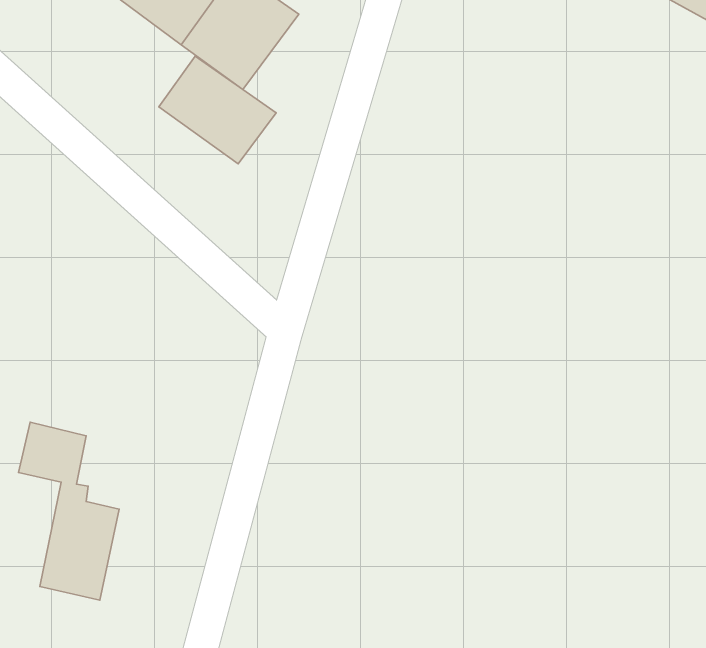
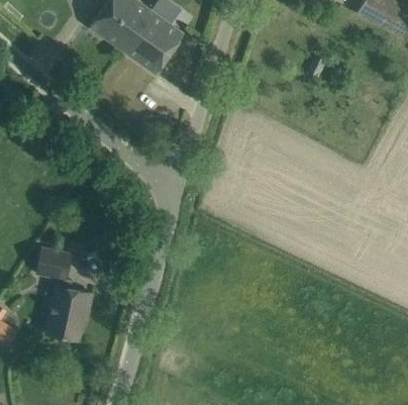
building: [159,56,276,164] -> none

